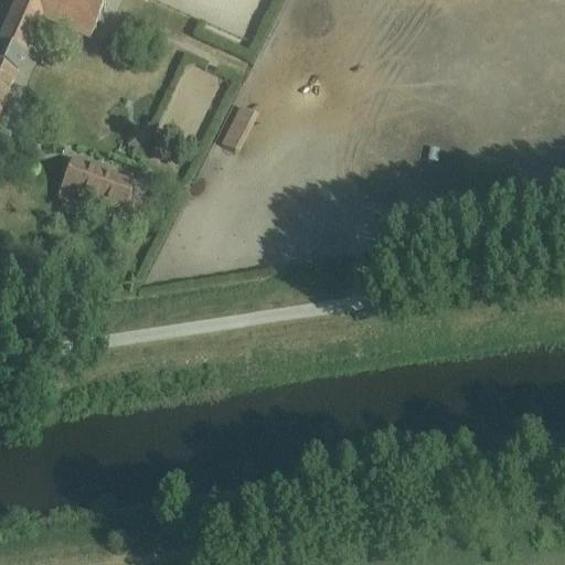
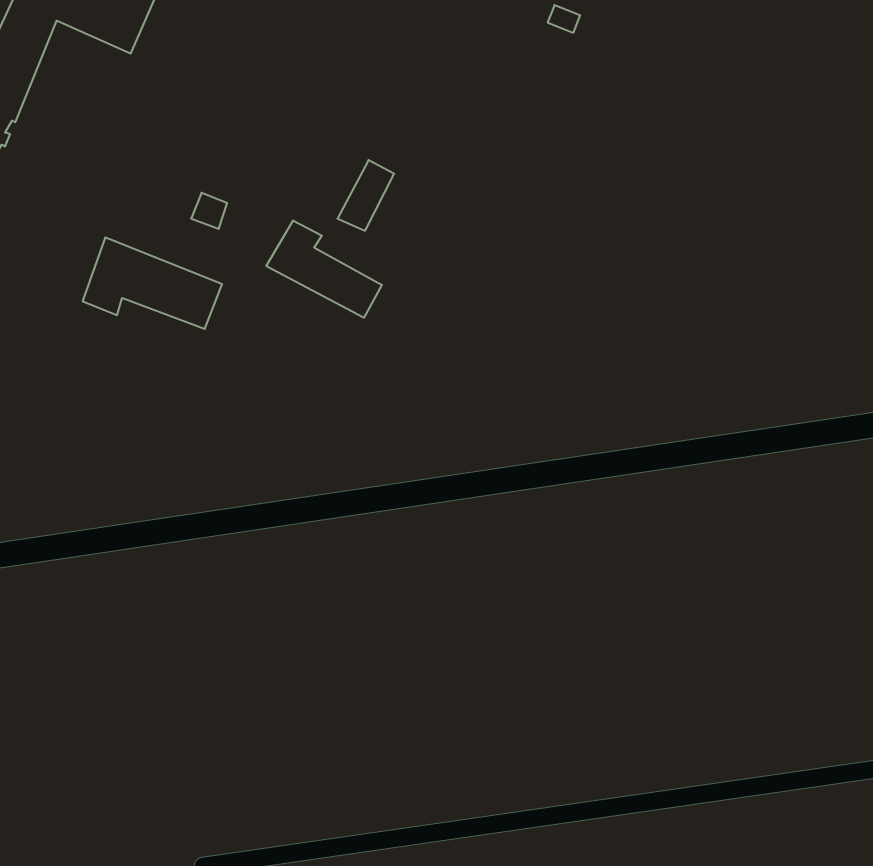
building: none -> [266,220,382,318]

